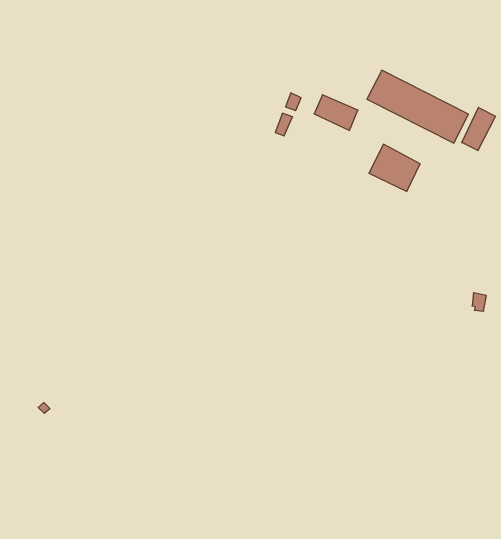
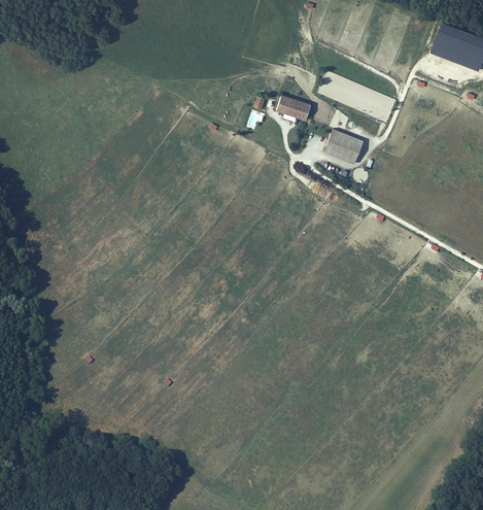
building: [462,107,495,151] -> none

